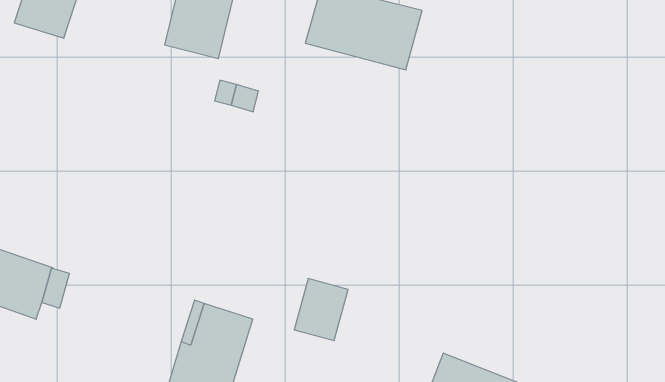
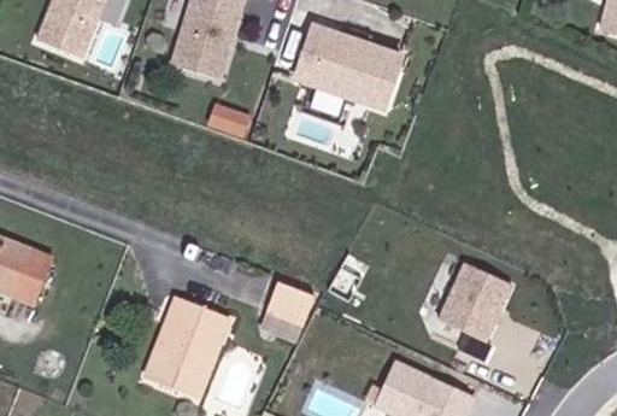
building: none -> [440,263,512,341]

